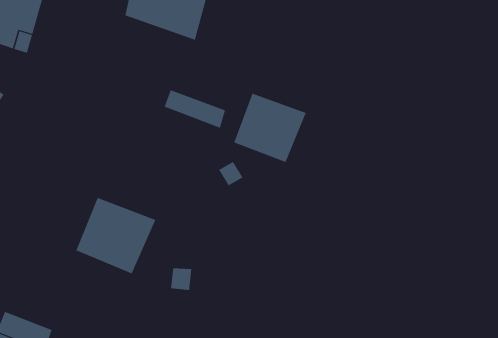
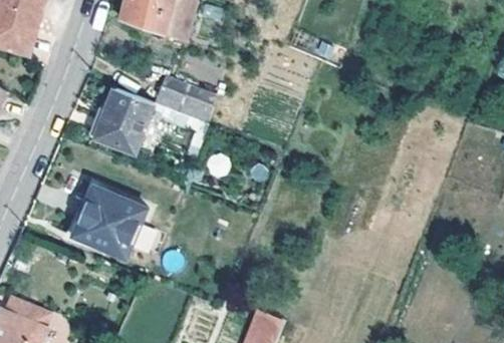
building: none -> [95,86,154,152]
building: [234,93,307,163] -> none

